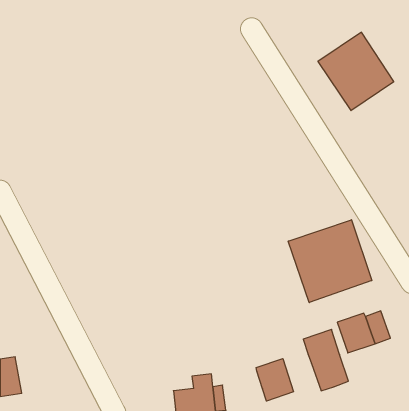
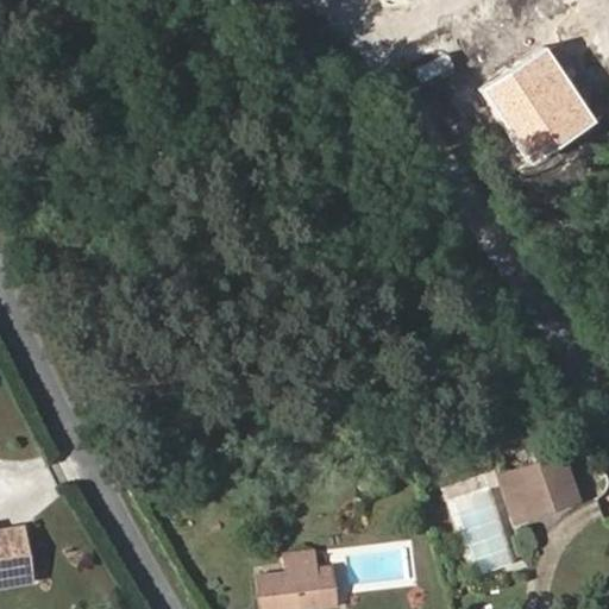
building: [288,220,372,303] -> none
building: [256,359,294,401] -> none

